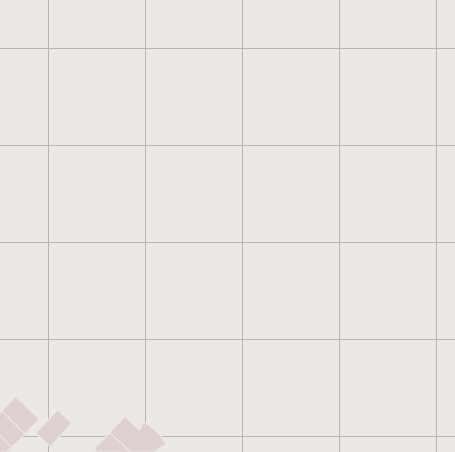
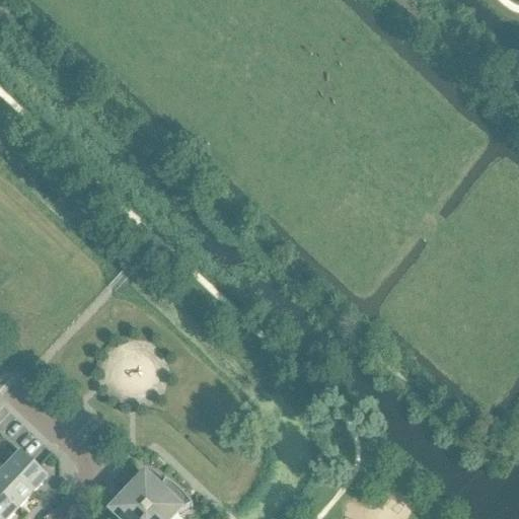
building: [35,410,72,447] -> none

